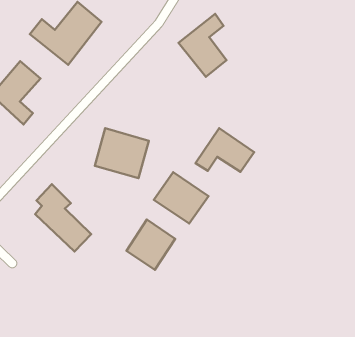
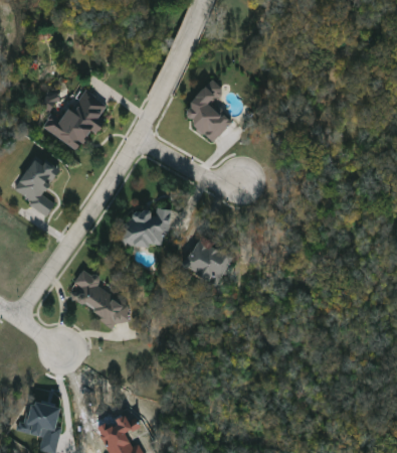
building: [196,128,254,172] -> none
building: [126,220,175,270] -> none

